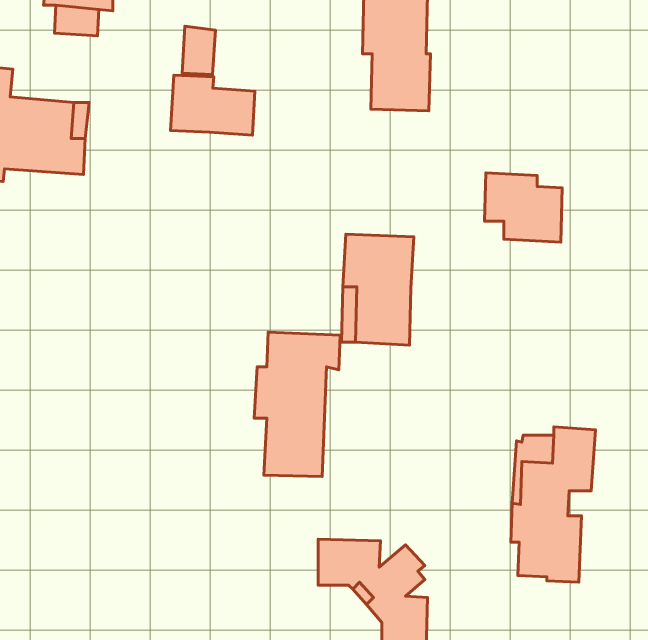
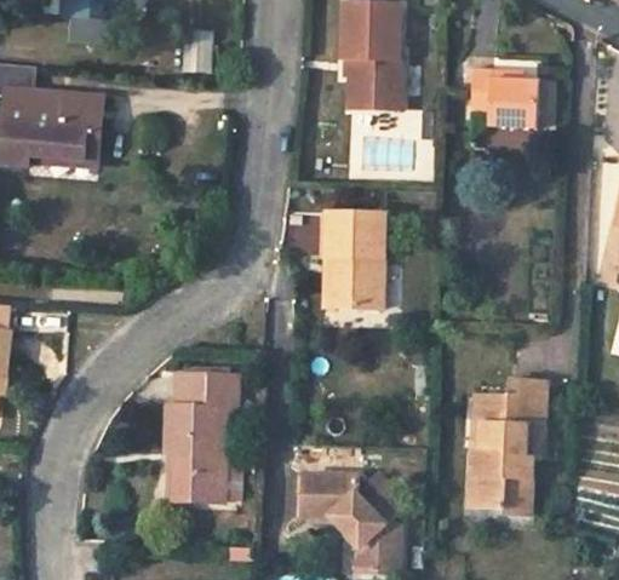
building: [171,75,255,135] -> none
building: [485,173,562,242] -> [470,68,538,128]
building: [254,332,340,477] -> [164,375,239,501]

